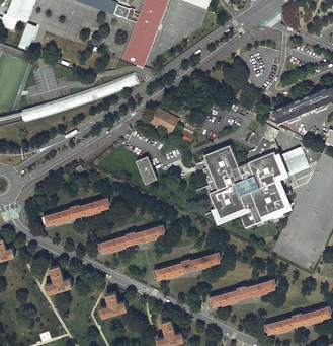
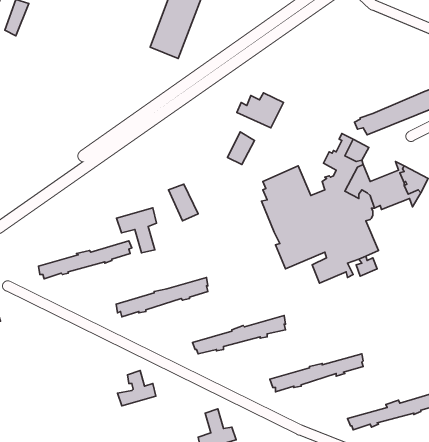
building: [147,108,180,133] -> [237,93,283,128]
building: none -> [116,208,156,253]
building: [45,266,72,294] -> none

